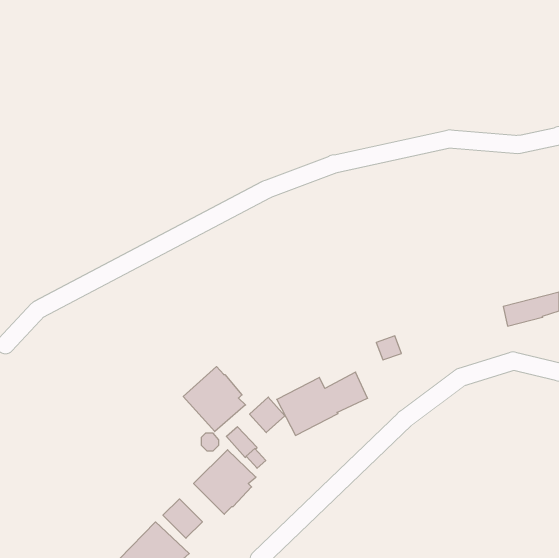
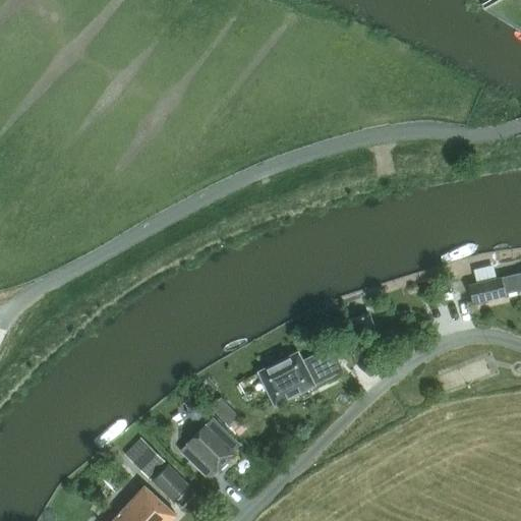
building: [183,367,246,432] -> none
building: [250,397,285,433] -> none
building: none -> [125,439,165,478]

